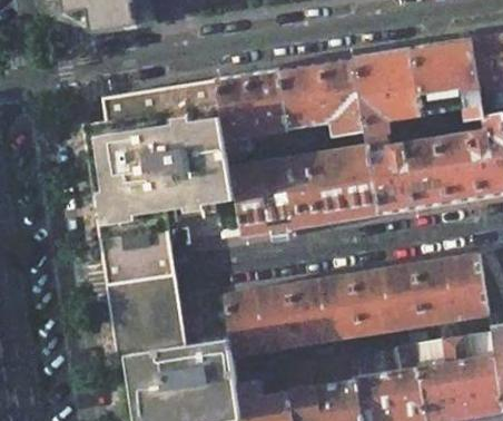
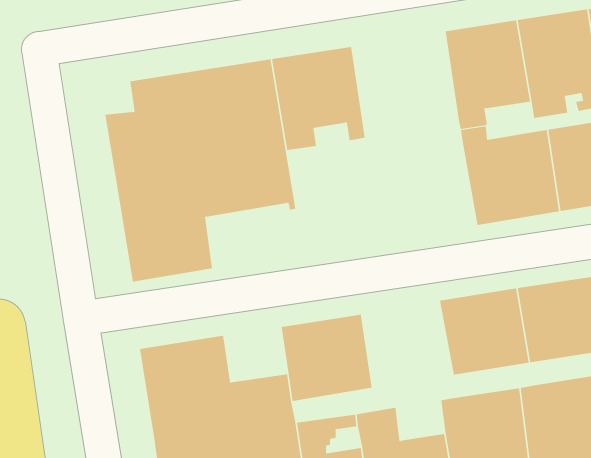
building: [283,58,368,139] -> none
building: [233,145,383,236] -> none
building: [107,248,180,313] -> none
building: [290,274,364,344] -> none

